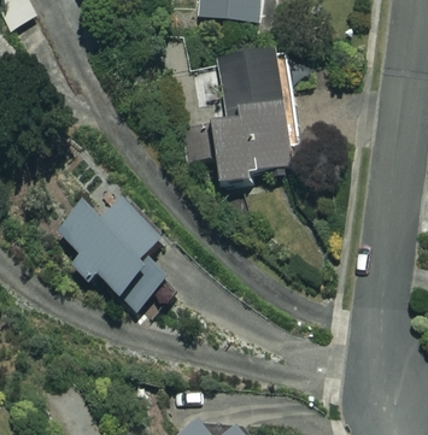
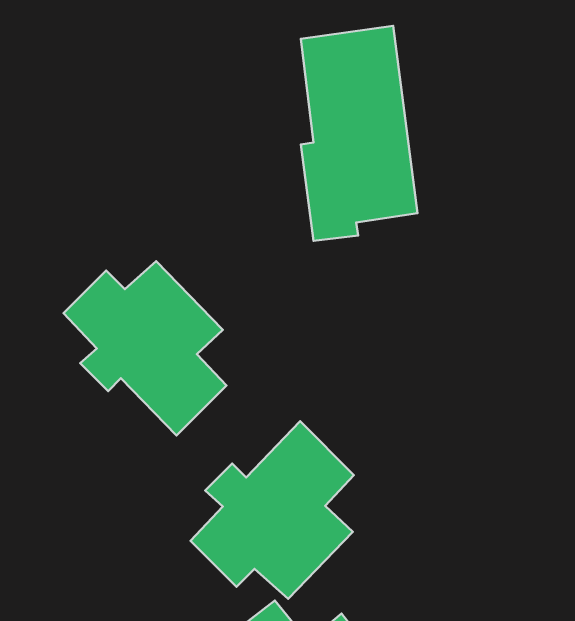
building: none -> [191,421,354,599]

